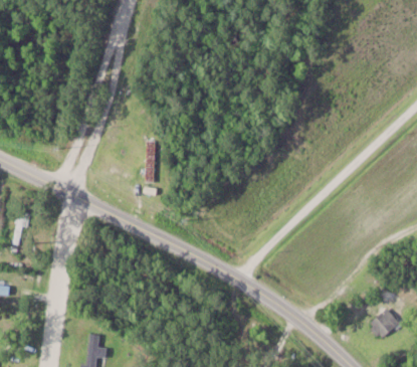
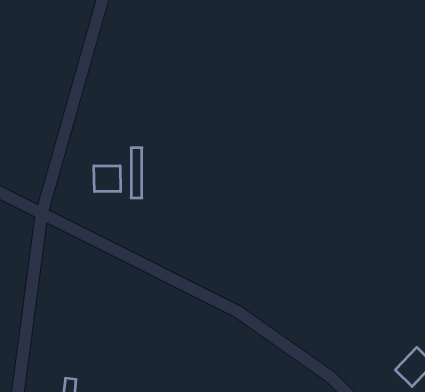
building: none -> [94,166,121,192]

